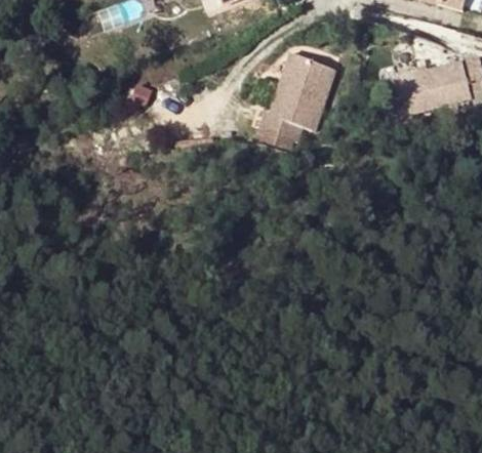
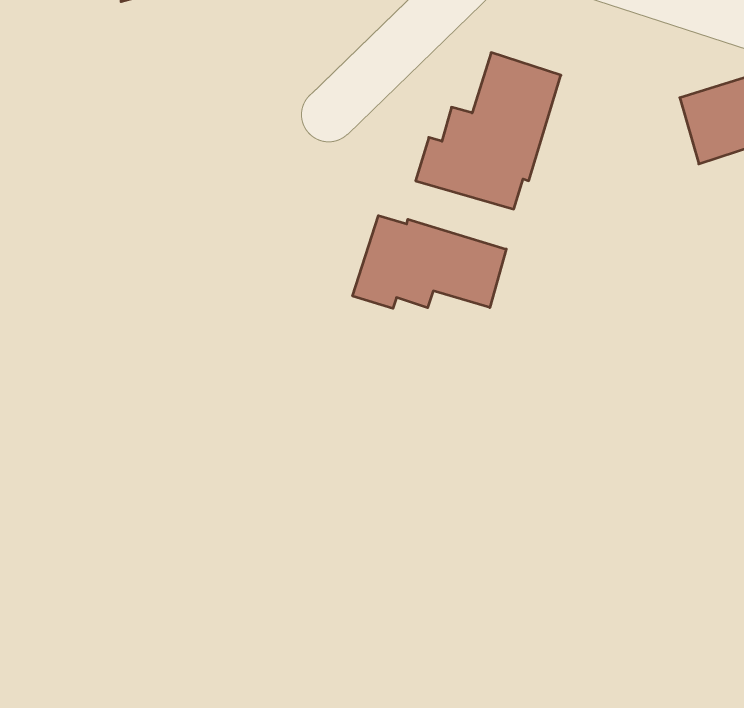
building: none -> [353,216,506,308]

